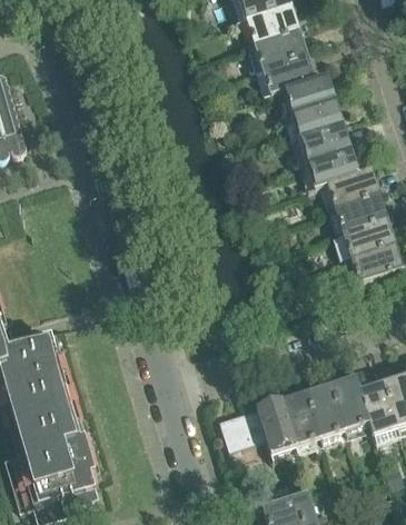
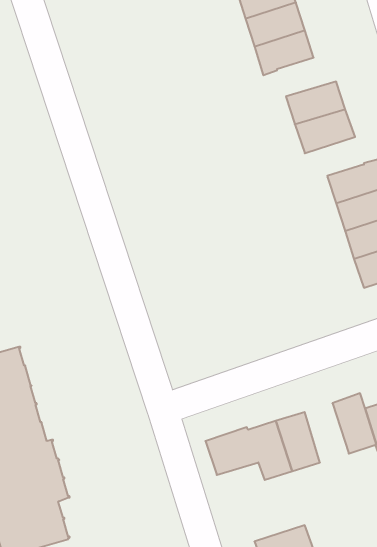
building: [281,71,334,110] -> none
building: [306,146,358,185] -> none
building: [306,382,345,434] -> none

